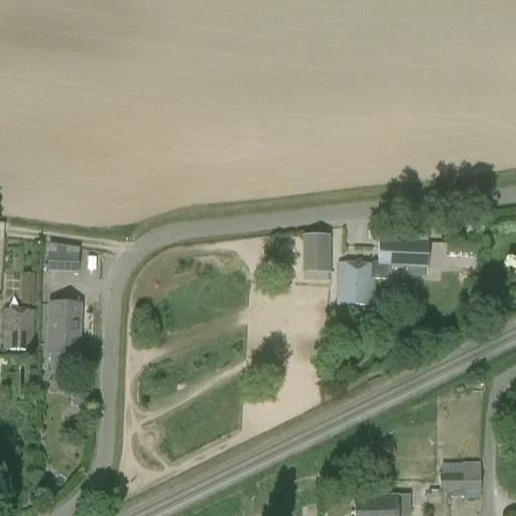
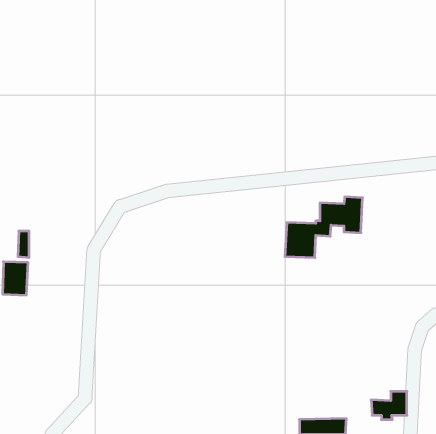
building: [303,235,329,272] -> none
building: [46,242,79,272] -> none
building: [47,302,80,371] -> none

